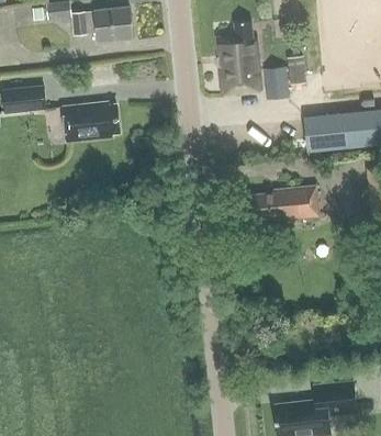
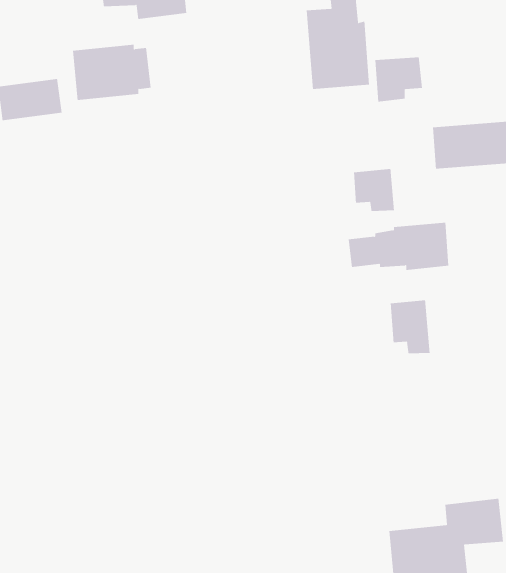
building: [64,102,120,142] -> [72,44,152,100]
building: none -> [353,168,395,212]
building: none -> [390,300,430,354]

